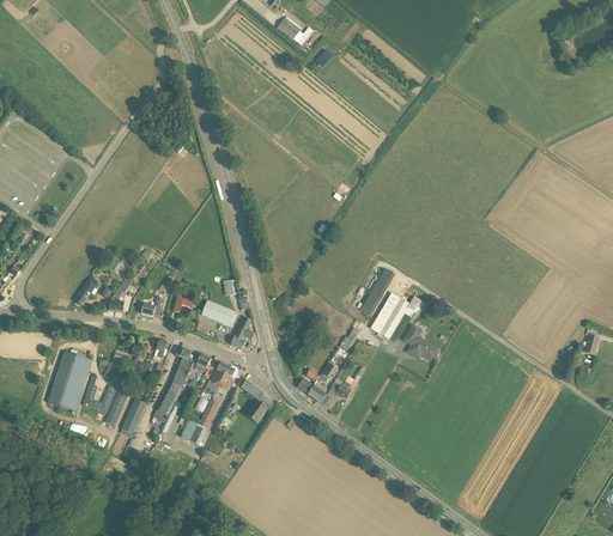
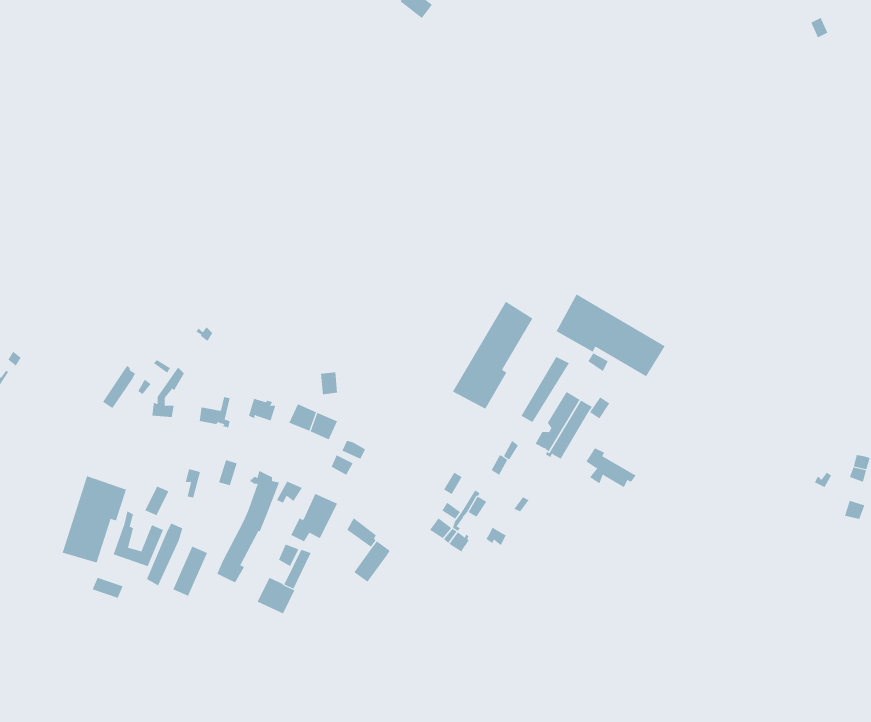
building: none -> [556,294,665,377]
building: none -> [452,301,533,410]

